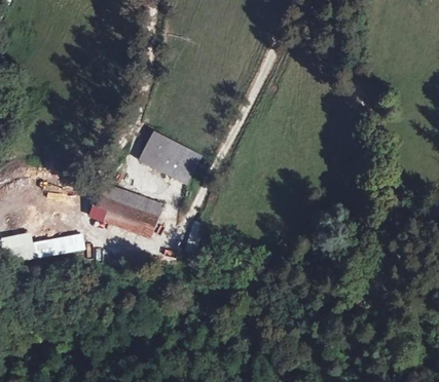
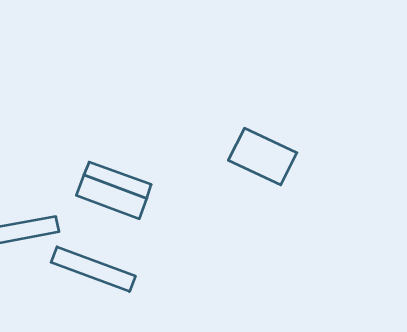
building: [137,130,203,185] -> [228,128,297,185]
building: none -> [51,247,135,292]

